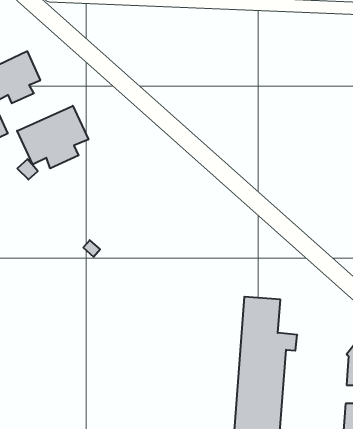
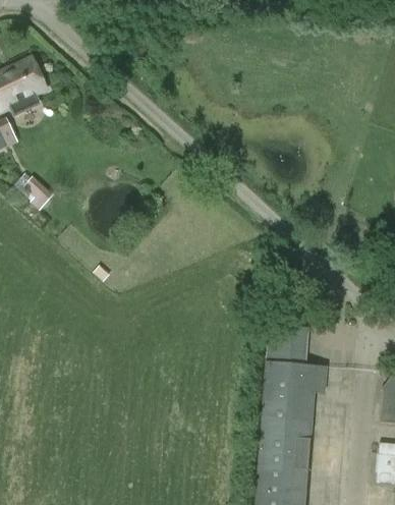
building: [17,106,88,168] -> none

